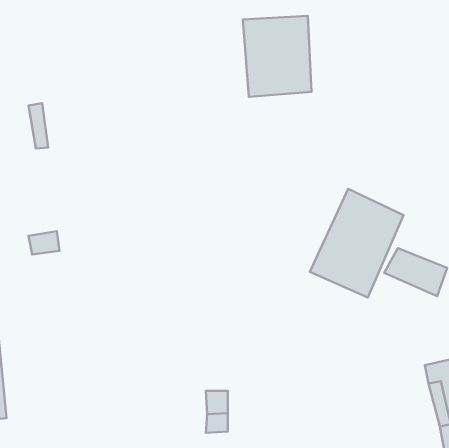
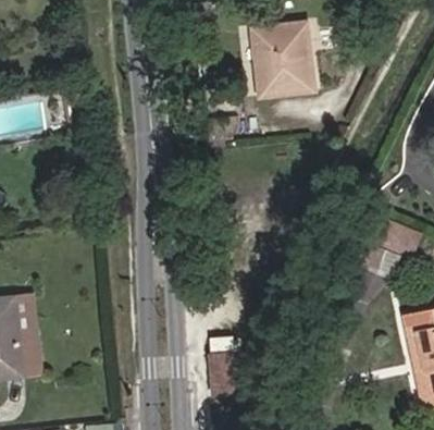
building: [310,189,403,297] -> none

